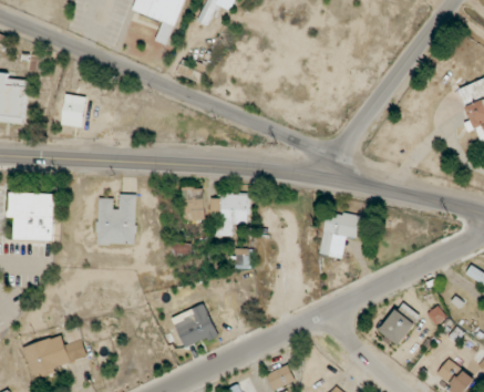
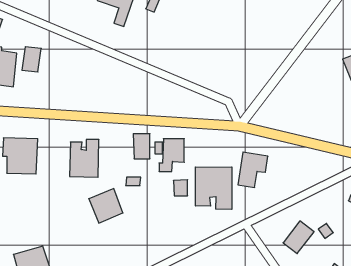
building: [61,94,86,127] -> [22,47,41,72]
building: none -> [195,167,232,209]
building: [172,303,217,349] -> [89,189,123,223]

